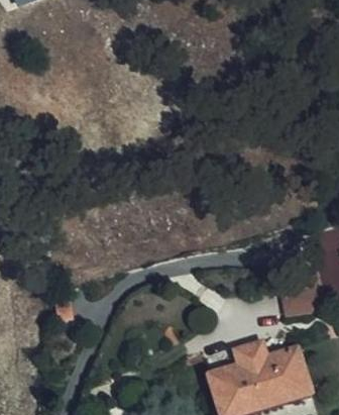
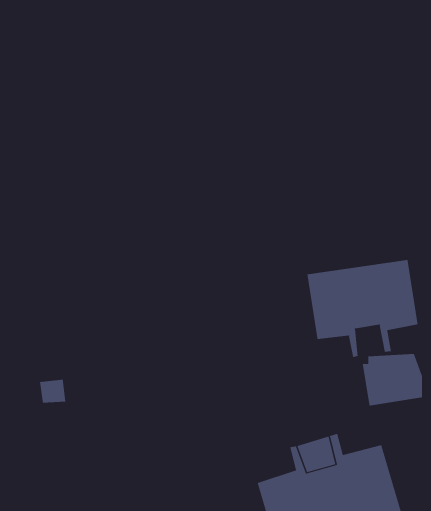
building: none -> [307,259,418,358]

